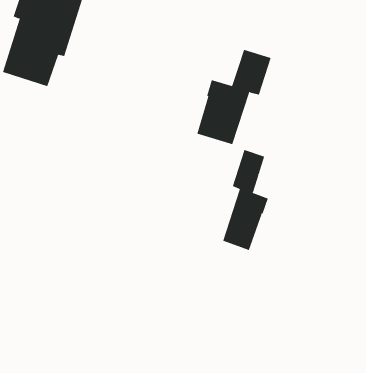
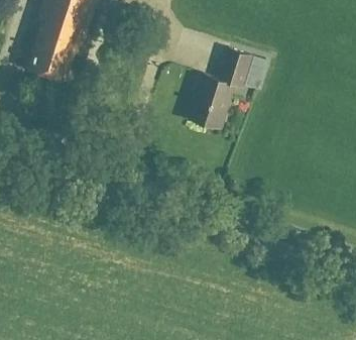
building: [222,149,269,251] -> none

